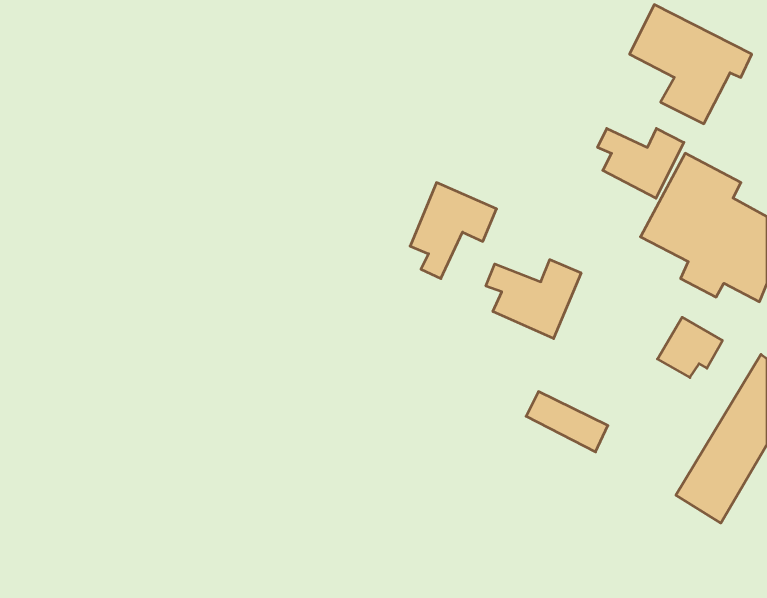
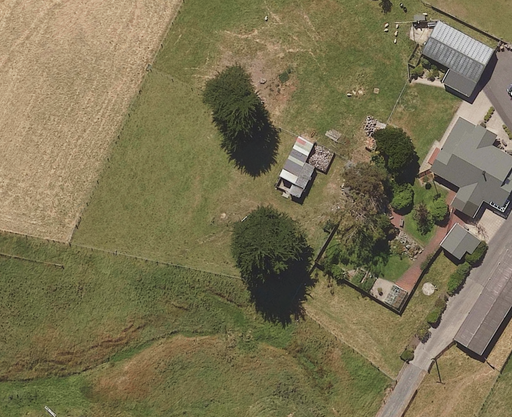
building: [598,128,684,198] -> none
building: [486,260,581,339] -> none

